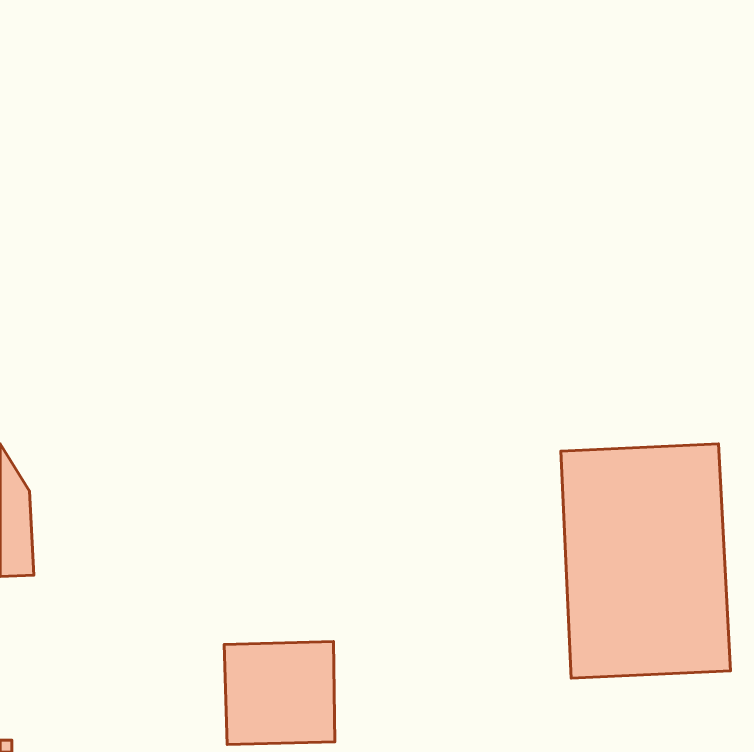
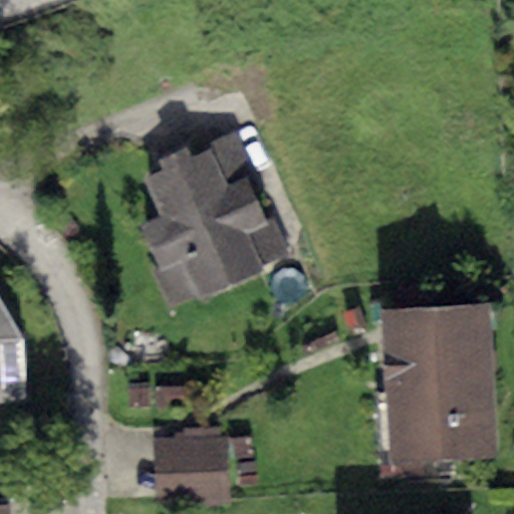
building: none -> [143,147,270,299]

